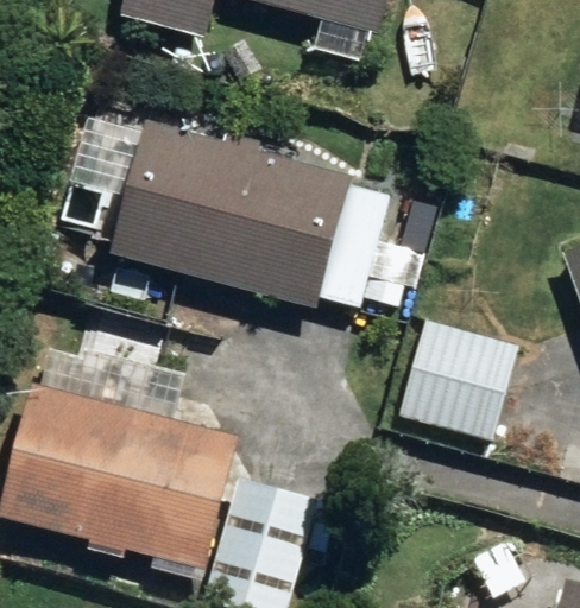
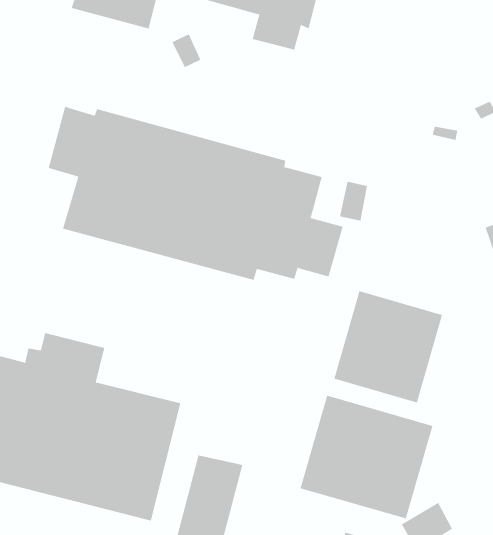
building: none -> [300,395,433,519]

